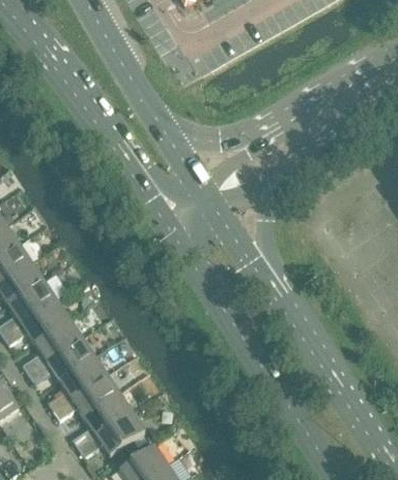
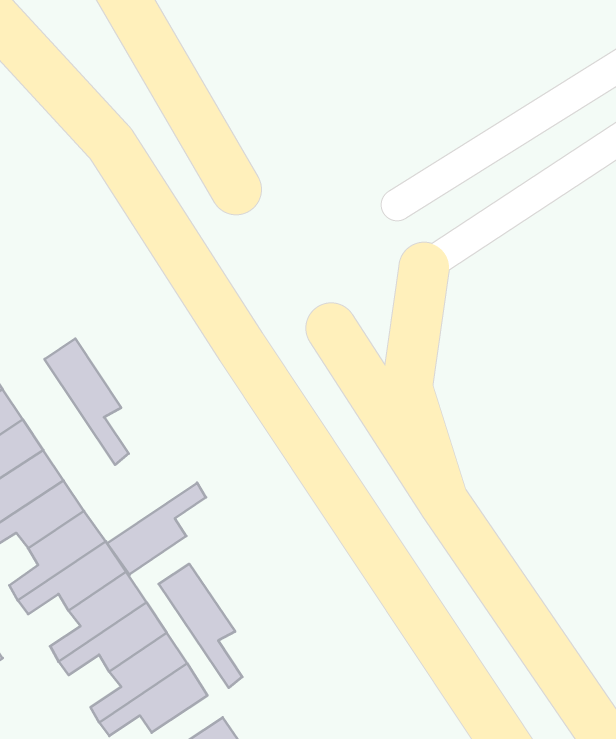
building: none -> [45,339,129,465]
building: none -> [107,483,206,575]
building: none -> [159,564,242,688]

